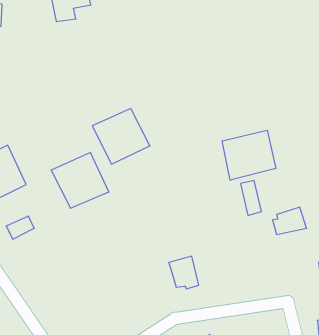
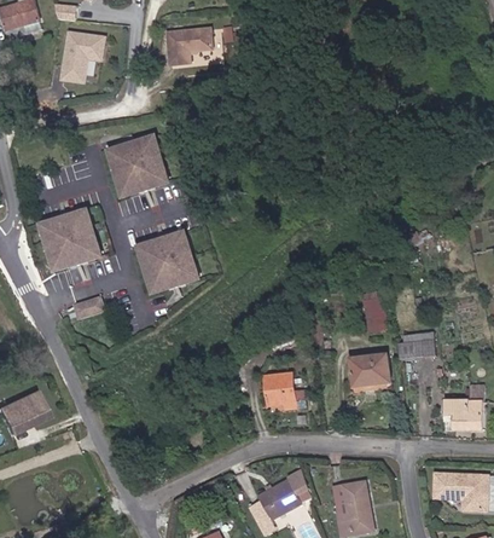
building: [92,109,150,164] -> [106,133,173,197]
building: [222,130,276,180] -> none
building: none -> [347,353,390,387]

